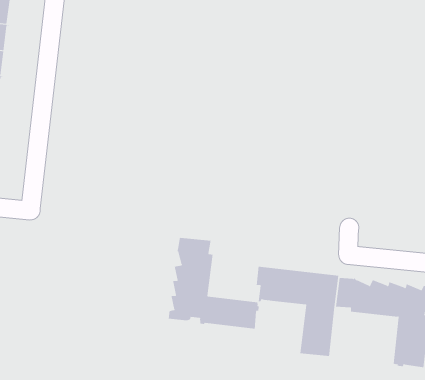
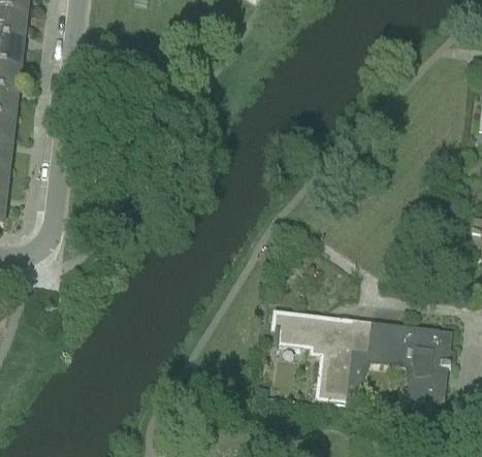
building: [168,237,259,329] -> none

